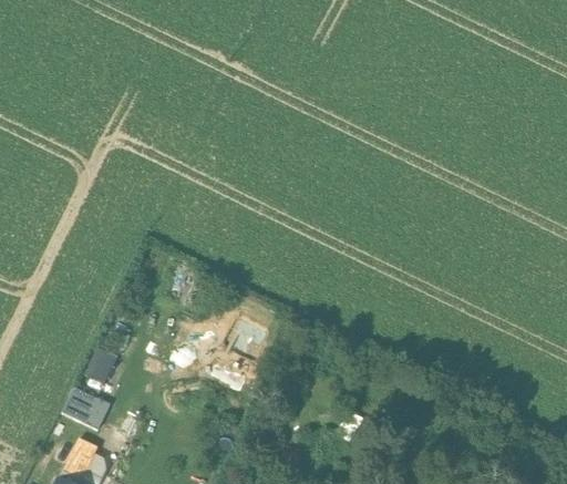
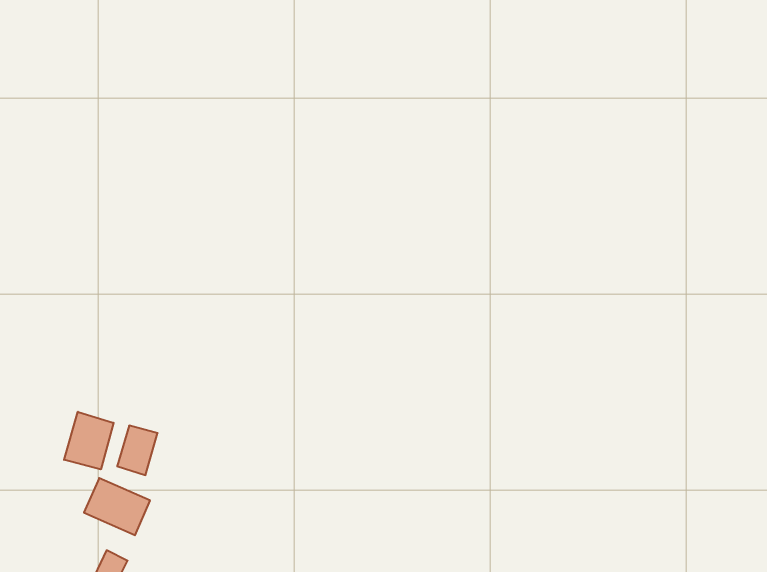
building: none -> [64,412,114,469]

